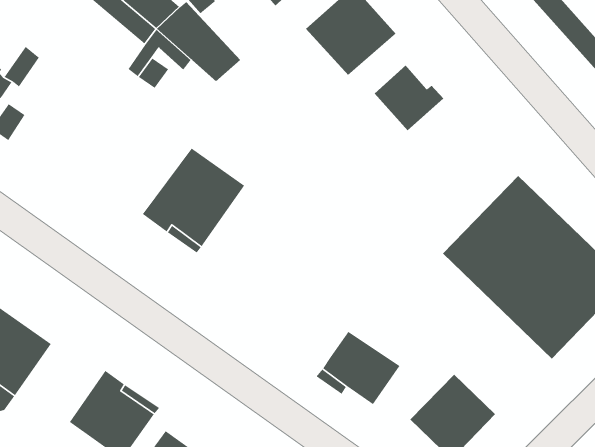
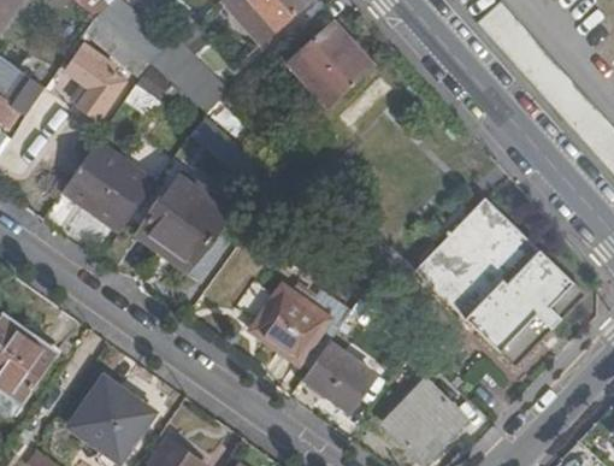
building: none -> [64,43,124,118]
building: [374,64,444,131] -> none
building: none -> [64,140,155,230]
building: none -> [250,284,349,365]

